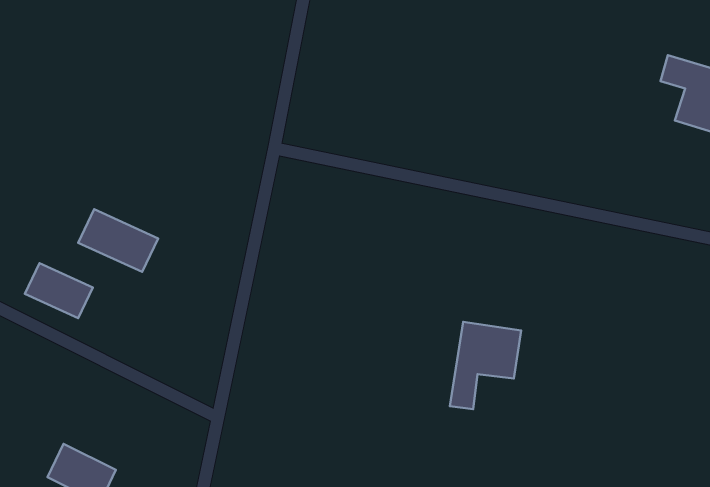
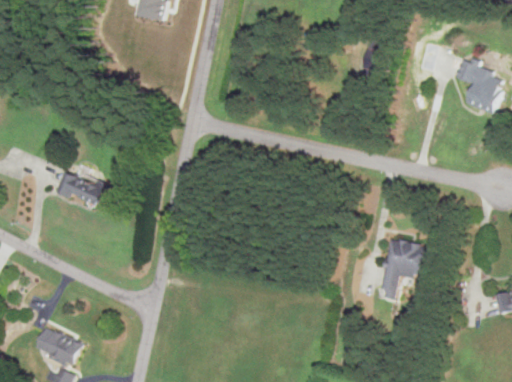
building: [25,263,93,318] -> none
building: [450,322,521,409] -> [380,239,429,299]

